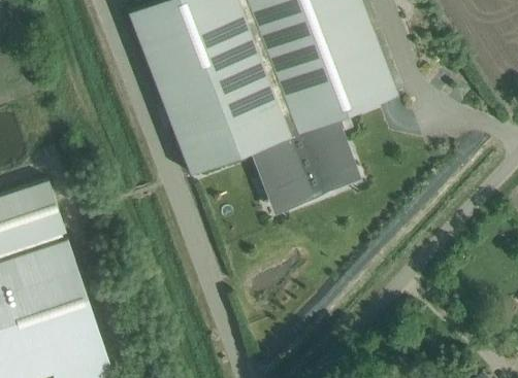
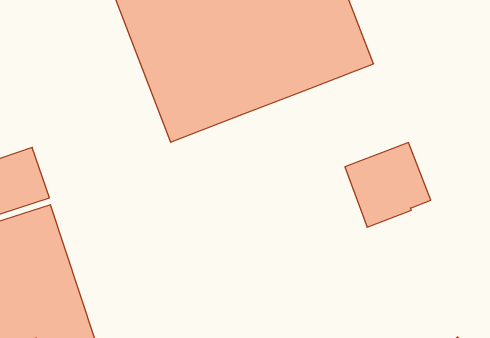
building: [261,122,349,208] -> [345,143,431,227]

